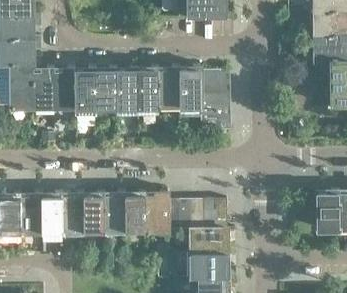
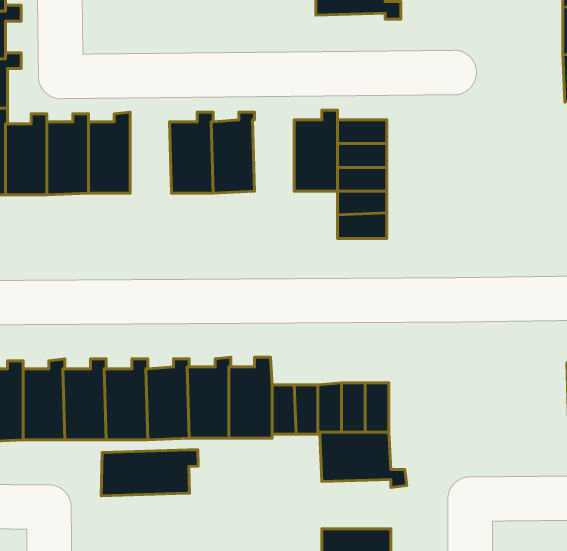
building: [94,69,115,110] -> none
building: [156,69,178,109] -> none
building: none -> [101,450,198,496]
building: [191,255,234,283] -> none

